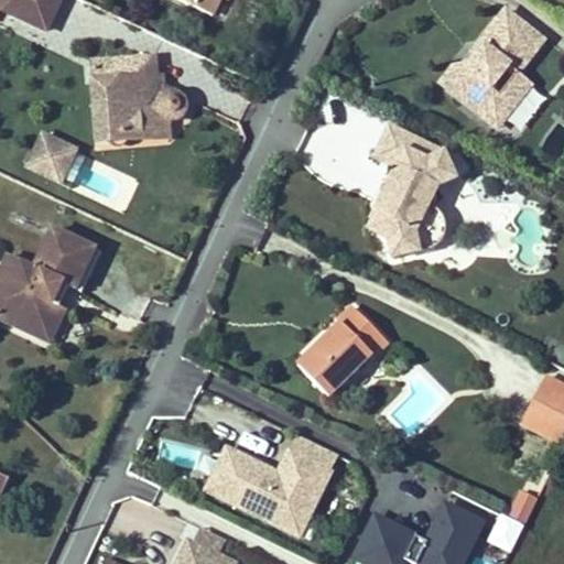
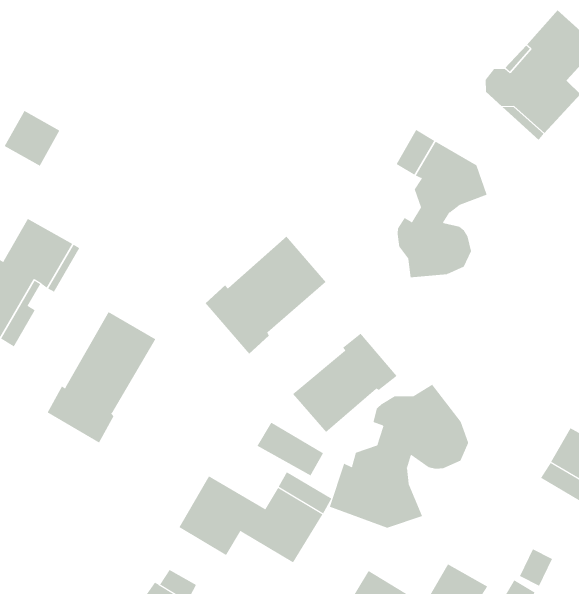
building: [93,56,191,142] -> none
building: none -> [205,236,327,355]
building: none -> [47,311,156,443]
building: none -> [329,384,469,529]
building: [250,490,310,535] -> [257,422,324,476]

